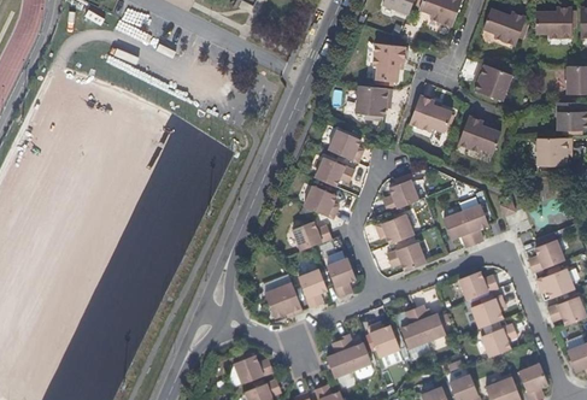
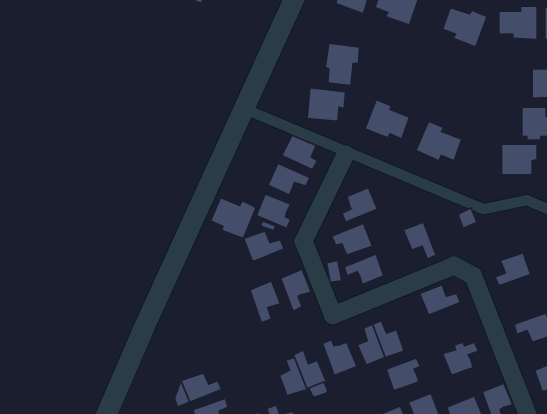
building: [472,63,510,102] -> none
building: none -> [211,198,256,239]
building: [463,205,489,243] -> none
building: [536,270,574,299] -> none
building: [265,282,303,316] -> none
building: [471,296,504,328] -> [386,358,420,391]

